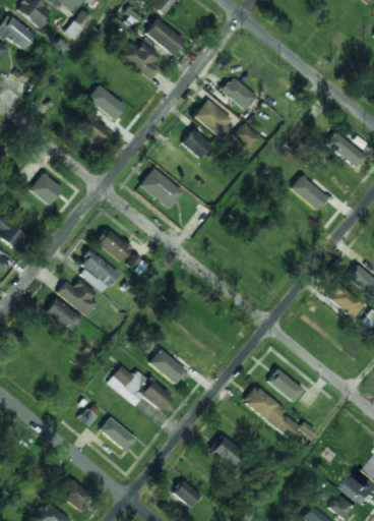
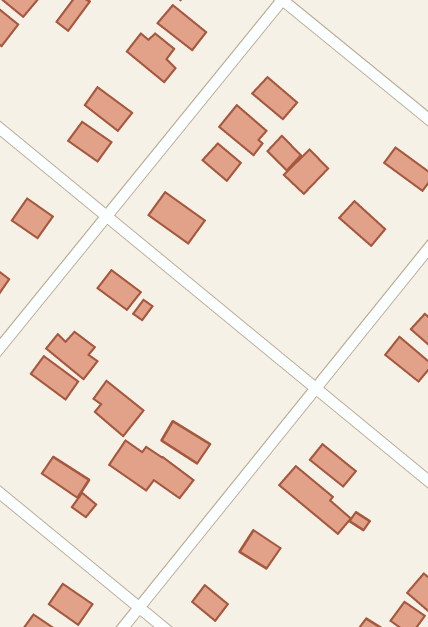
building: none -> [284,150,328,194]
building: [79,249,119,293] -> [94,381,143,436]
building: [99,418,136,451] -> [42,457,89,498]

